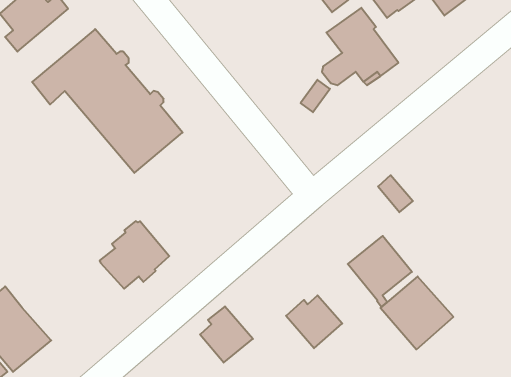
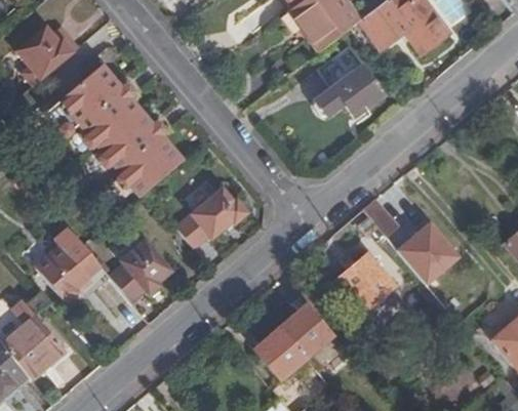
building: none -> [174,188,247,249]
building: none -> [25,229,110,309]
building: [380,276,453,349] -> [394,216,461,283]
building: [200,306,253,363] -> [256,327,305,378]

